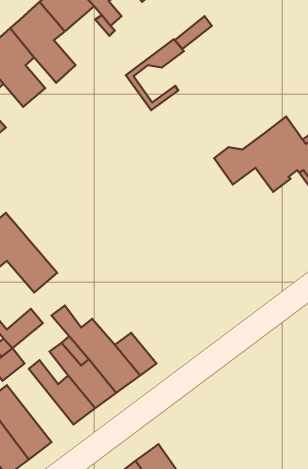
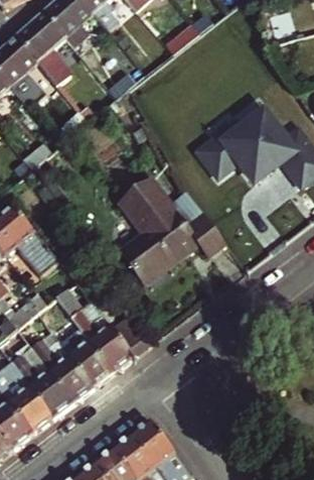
building: [126,39,184,110] -> [196,120,250,186]
building: none -> [118,176,224,285]
building: none -> [12,349,73,416]

